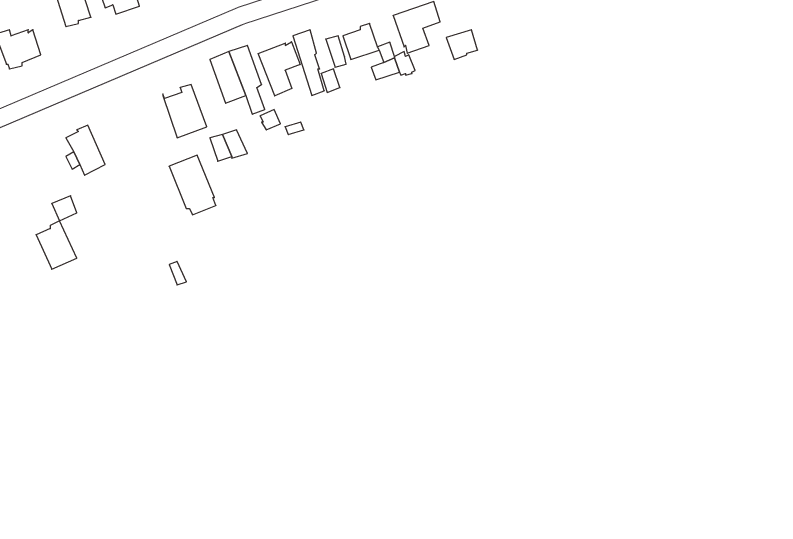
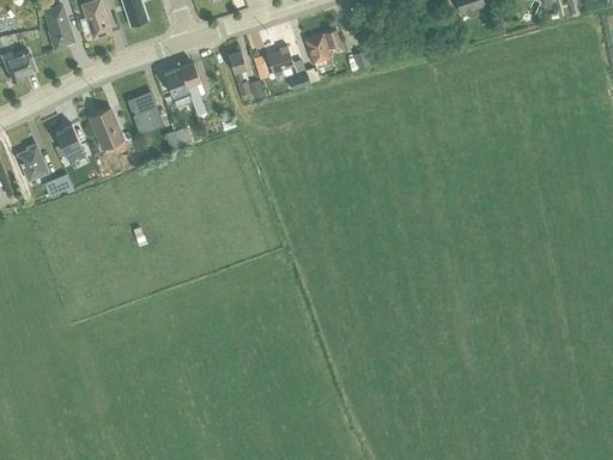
building: [258,42,300,96] -> none
building: [169,155,216,215] -> [89,108,125,153]
building: [36,221,77,269] -> [17,144,48,181]

